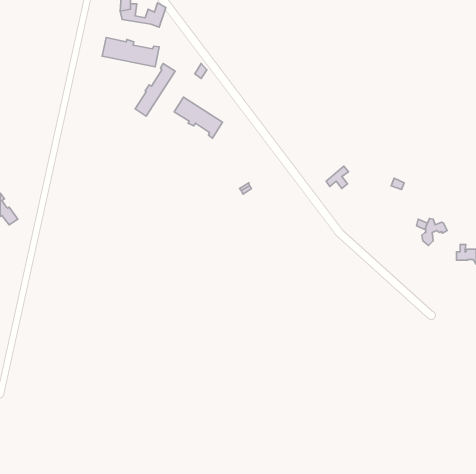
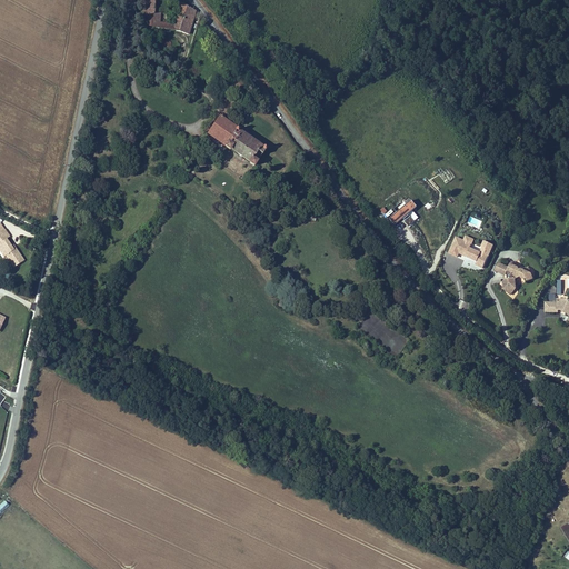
building: [102,38,159,67] -> none
building: [135,63,175,116] -> none
building: none -> [448,233,493,267]

